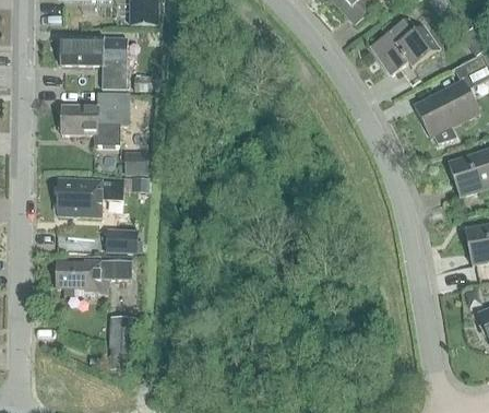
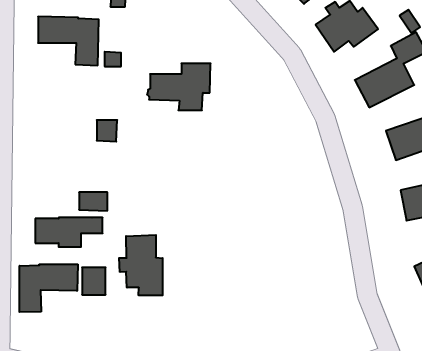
building: [58,93,129,145] -> [147,63,211,110]
building: [56,178,122,215] -> none
building: none -> [119,235,163,295]
building: none -> [19,264,78,312]

